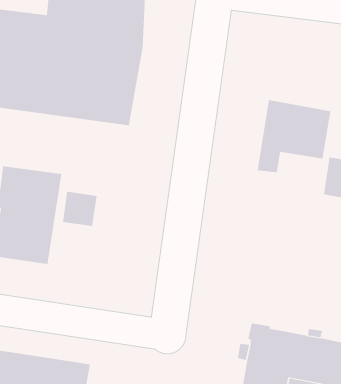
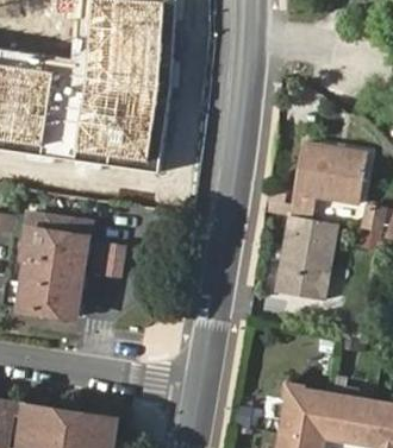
building: none -> [277,217,338,302]

